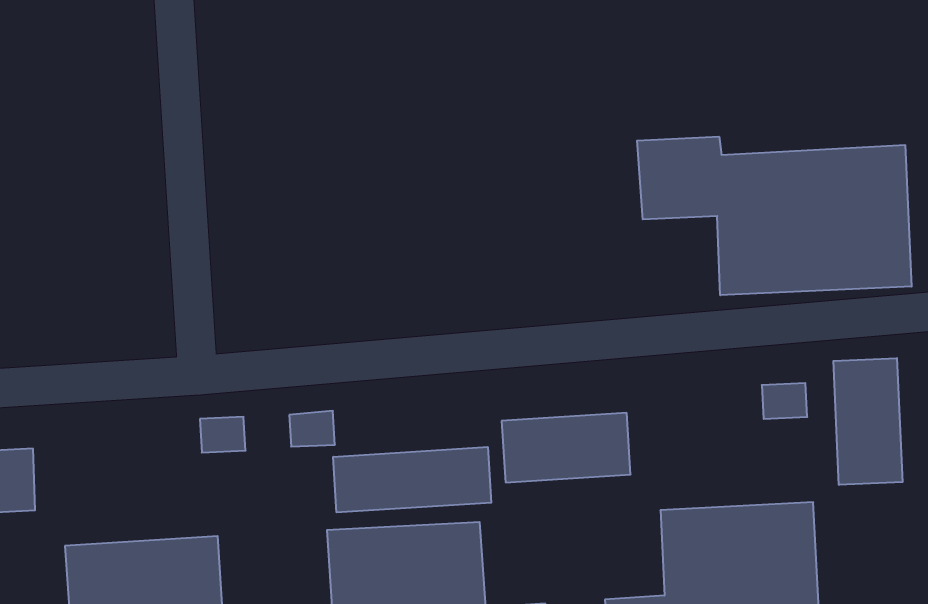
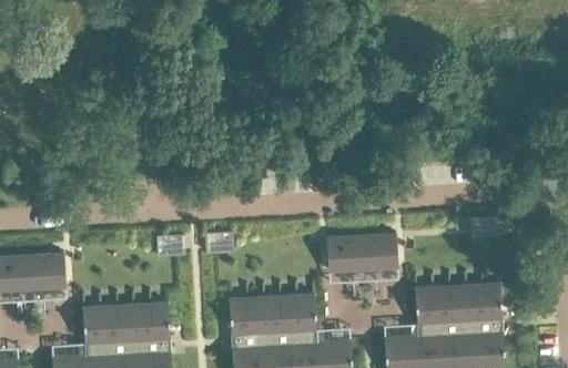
building: [637,137,912,295] -> none
building: [833,358,903,485] -> none
building: [333,447,491,512] -> none

